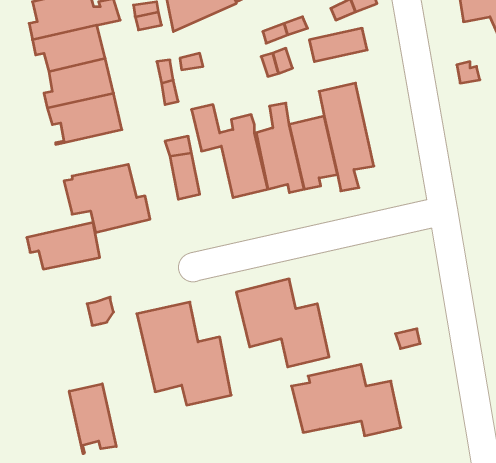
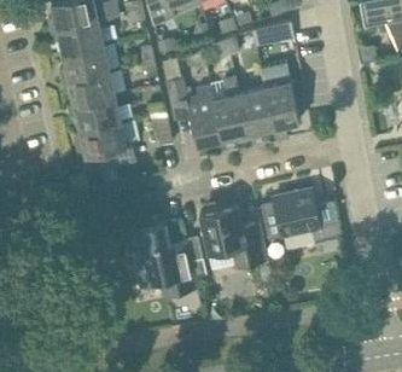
building: [27,223,100,269] -> [68,98,121,132]
building: [291,364,401,436] -> [261,191,340,243]
building: [69,384,116,454] -> none

